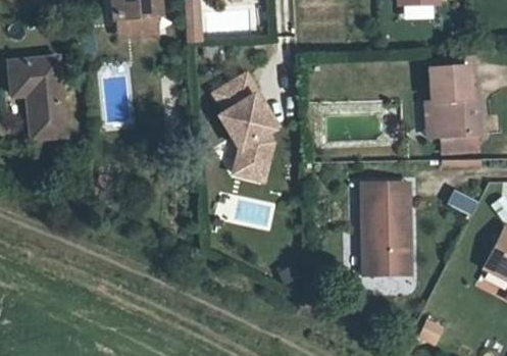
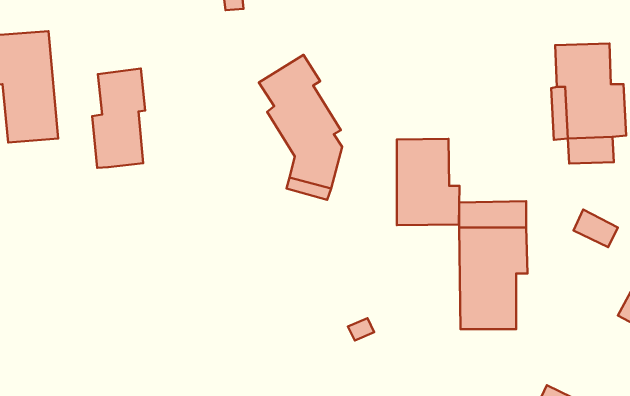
building: none -> [92,69,145,168]
building: none -> [397,139,460,225]

